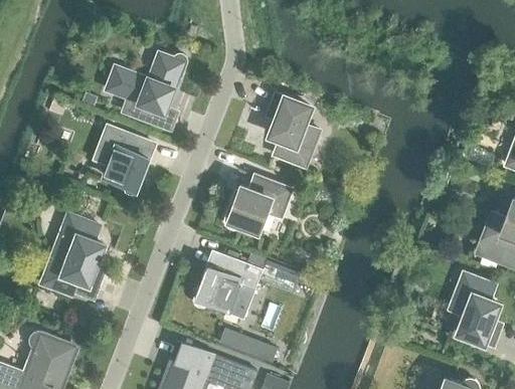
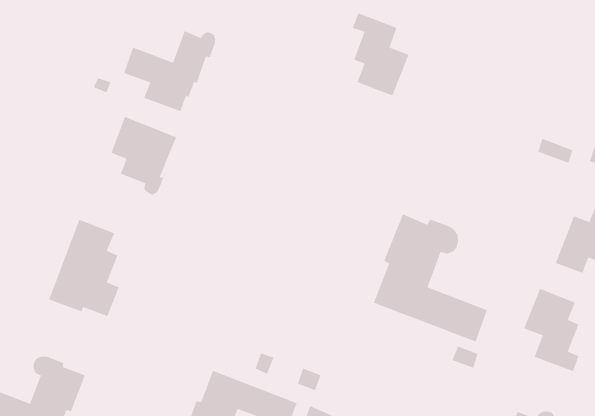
building: [270,93,319,166] -> [352,12,409,97]
building: [224,175,290,229] -> none
building: none -> [373,213,488,343]
building: [194,256,260,316] -> none

